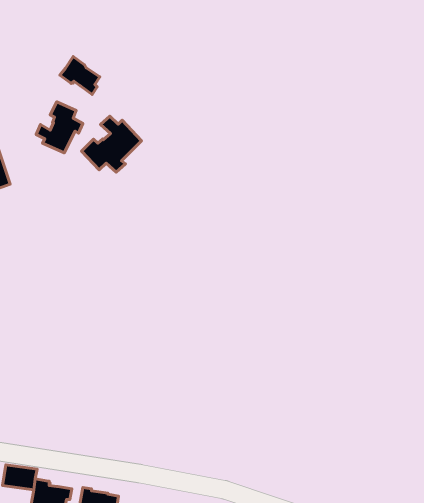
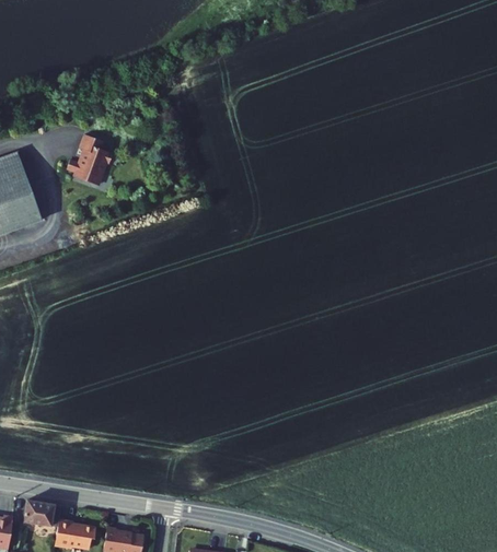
building: [60,57,100,95] -> none
building: [82,116,142,172] -> none

